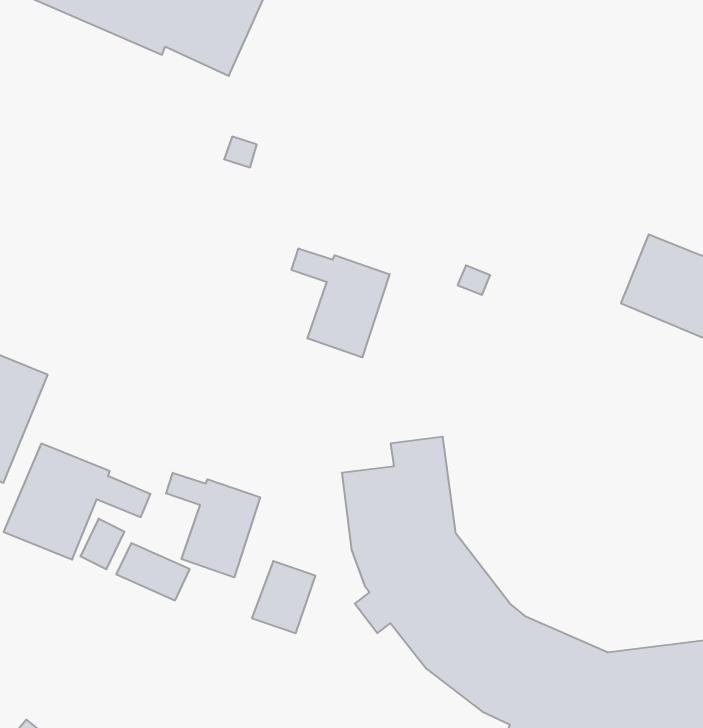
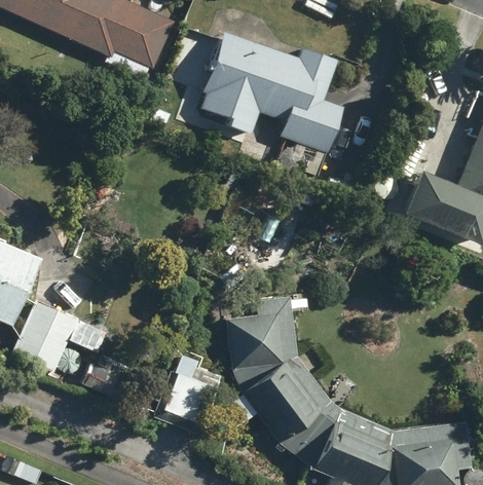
building: none -> [202,32,343,176]
building: [292,248,390,357] -> none
building: [166,473,260,577] -> none

